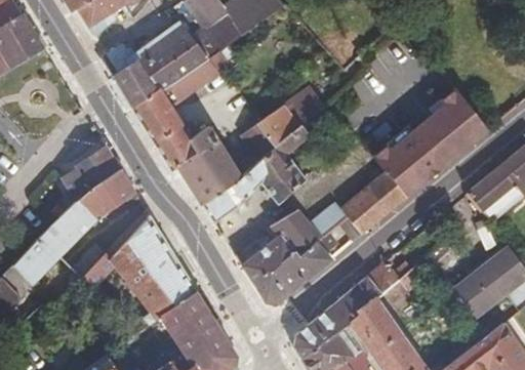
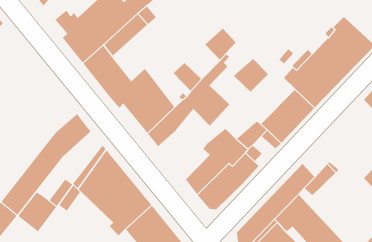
building: [256,105,299,146] -> [233,58,269,92]
building: [65,148,120,198] -> none

